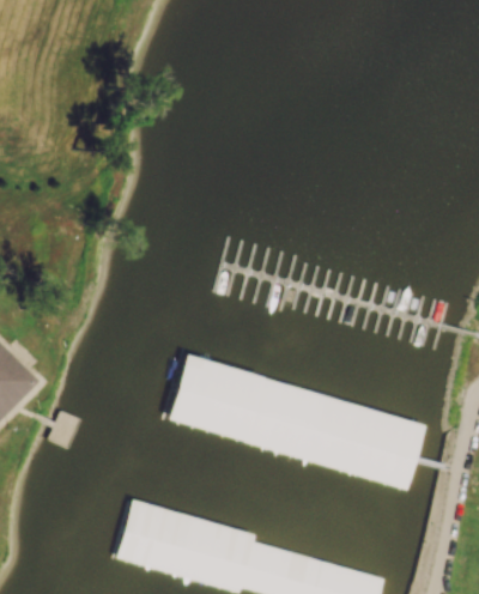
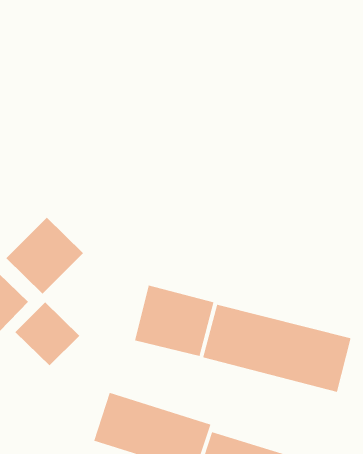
building: none -> [6,217,84,294]
building: none -> [14,302,80,366]

